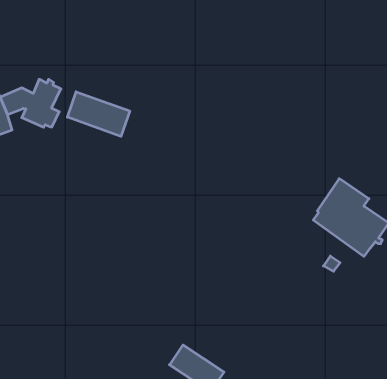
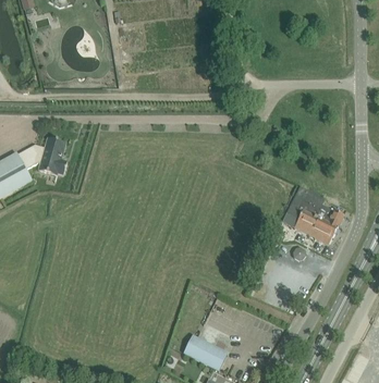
building: [67,92,130,136] -> none

